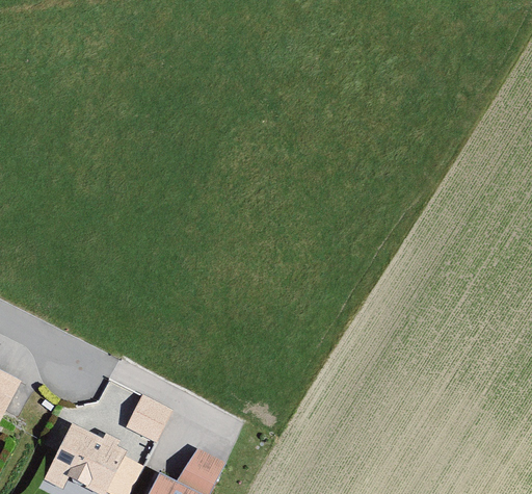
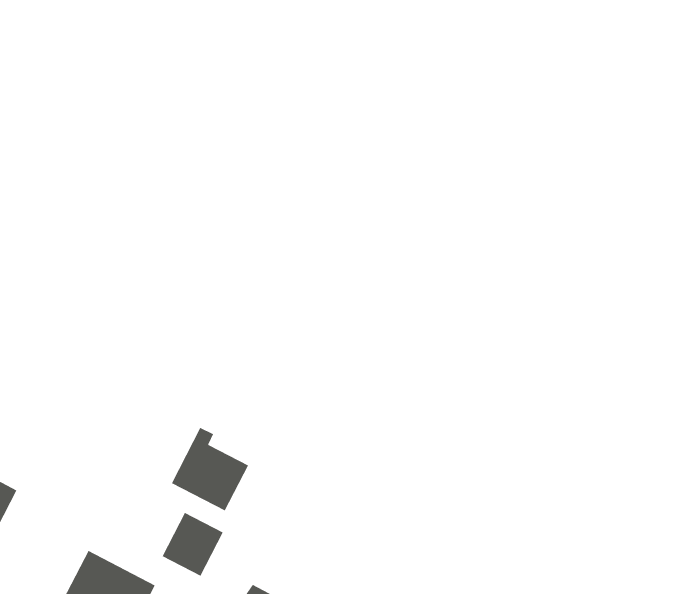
building: none -> [171,427,249,511]

